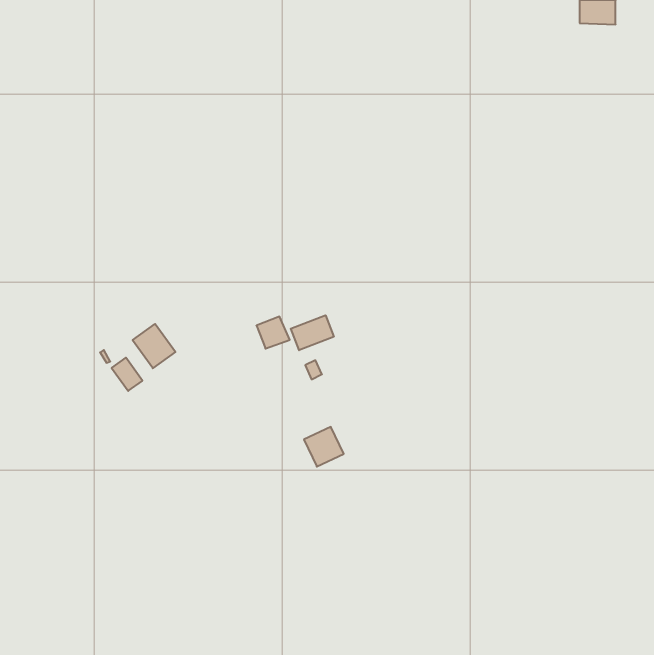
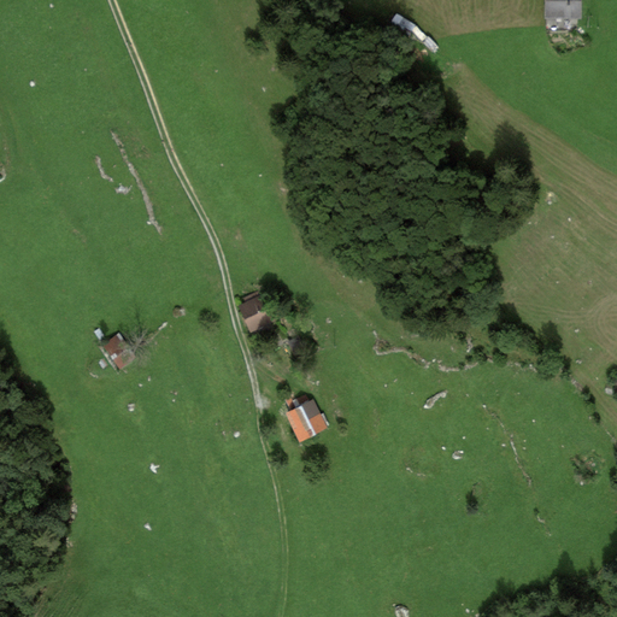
building: [291,315,334,350] -> none
building: [133,324,175,368] -> none

